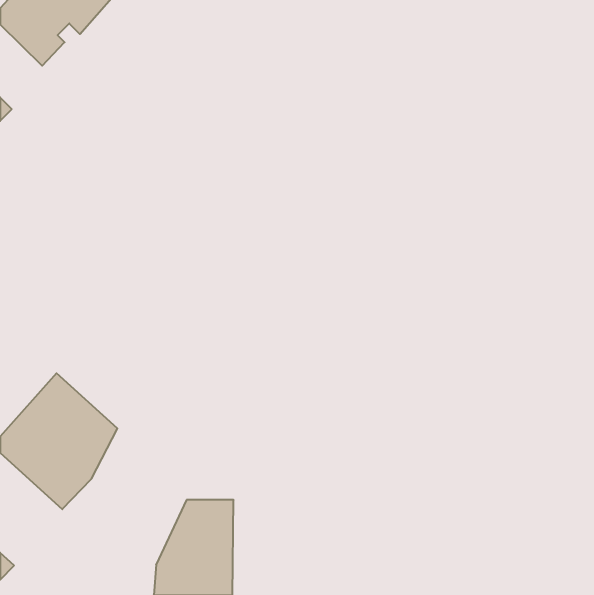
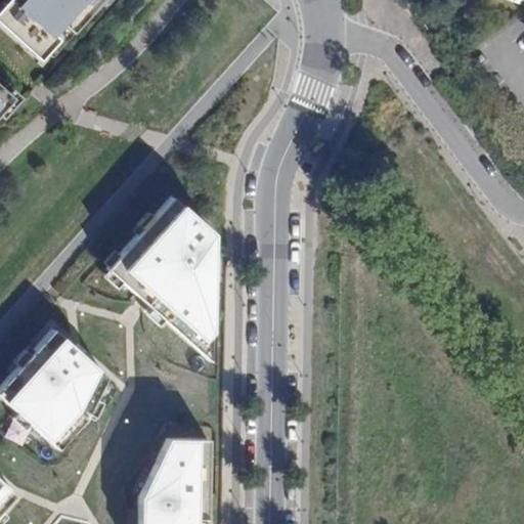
building: none -> [110,195,213,358]

